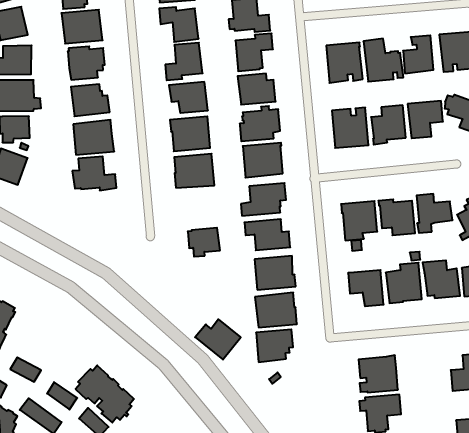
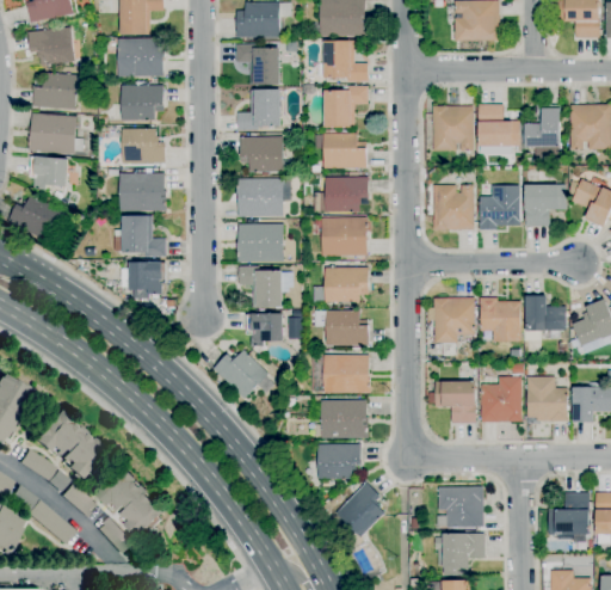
building: none -> [240,268,294,308]
building: none -> [122,263,166,299]
building: [195,319,241,360] -> [214,350,269,399]
building: none -> [33,410,105,479]
building: none -> [337,483,387,537]

